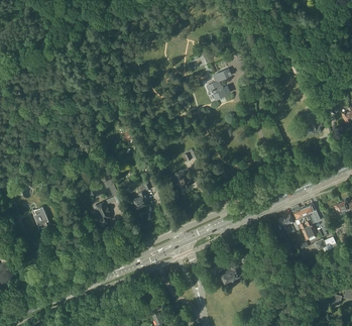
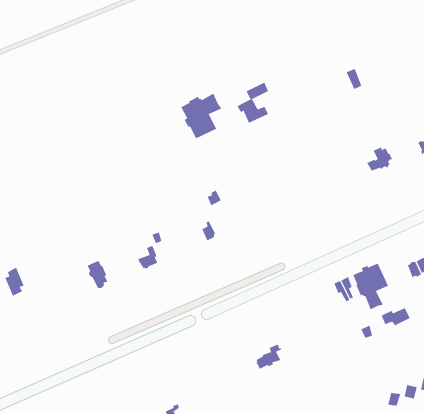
building: none -> [181,93,222,139]

